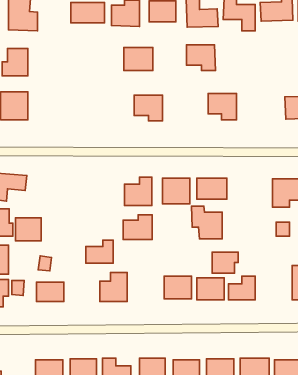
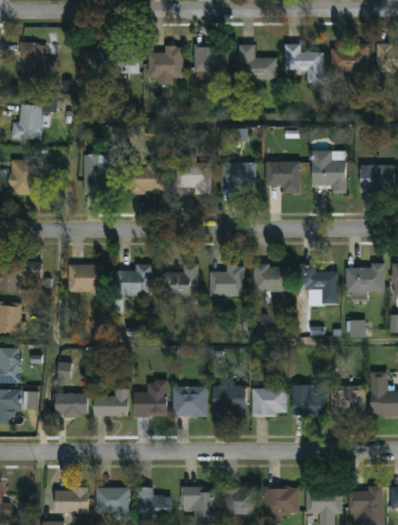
building: [186,45,215,70] -> [221,162,257,193]
building: [124,48,153,71] -> [127,165,163,193]
building: none -> [312,150,347,193]
building: none -> [83,154,113,195]
building: [191,206,222,239] -> [299,264,337,304]
building: [123,215,152,240] -> [115,265,151,296]
building: [16,218,41,241] -> [70,265,101,293]
building: [86,240,113,263] -> [94,389,127,417]
building: [212,252,238,273] -> none
building: none -> [331,386,364,415]
building: none -> [172,387,206,417]

